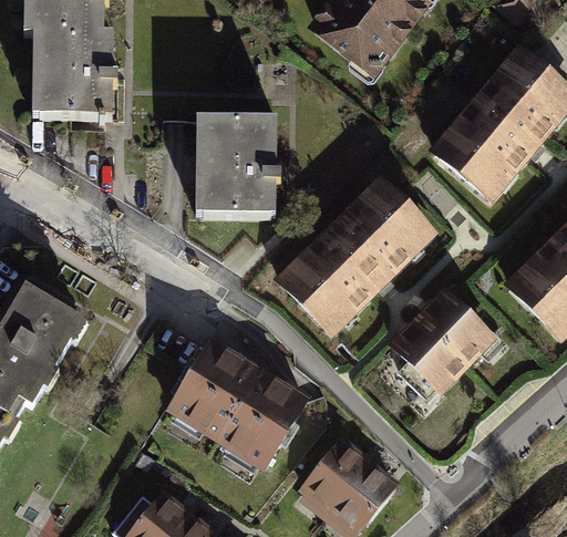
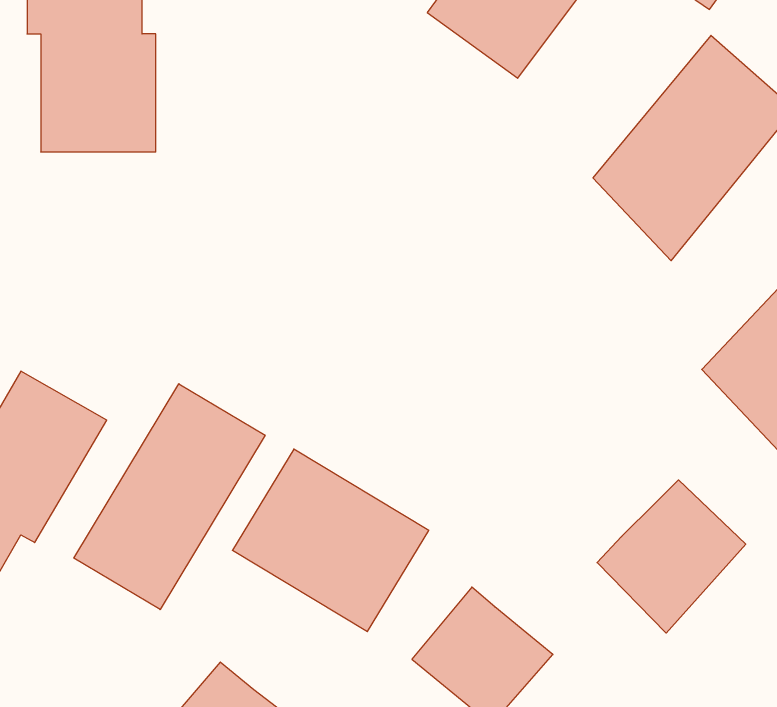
building: [194,121,279,223] -> none
building: [280,175,442,333] -> none
building: [392,291,499,402] -> [597,480,746,633]
building: none -> [74,384,265,610]

